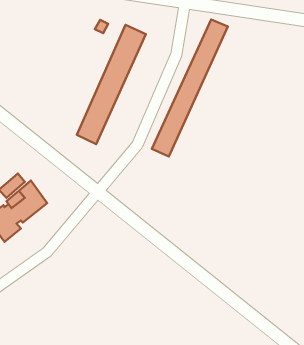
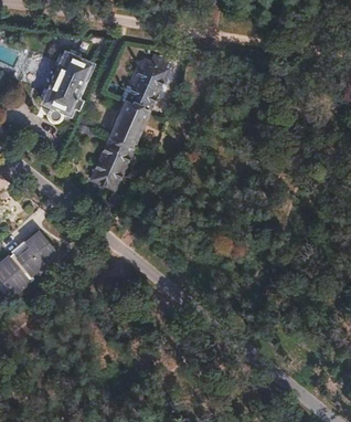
building: none -> [41,51,92,115]
building: [152,19,228,157] -> none

